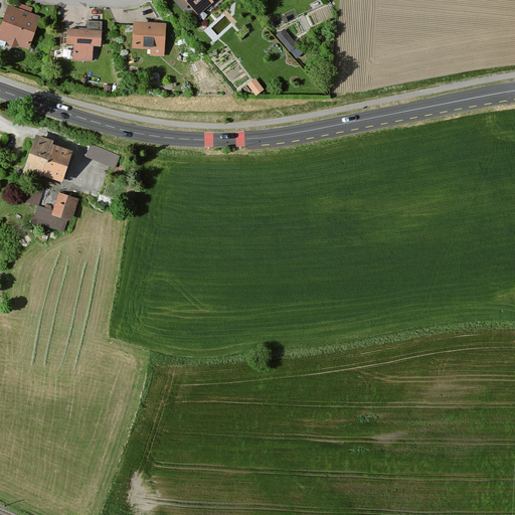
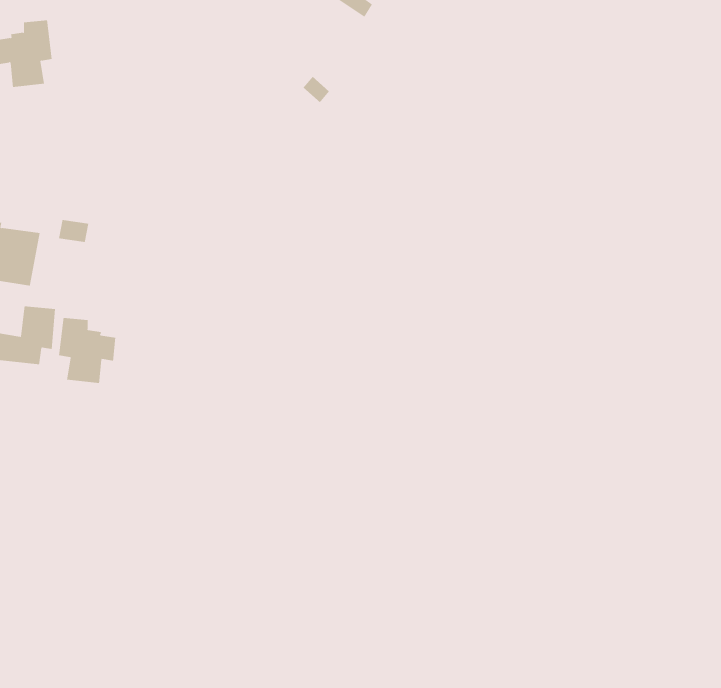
building: [133,22,167,56] -> none
building: none -> [58,317,116,384]

